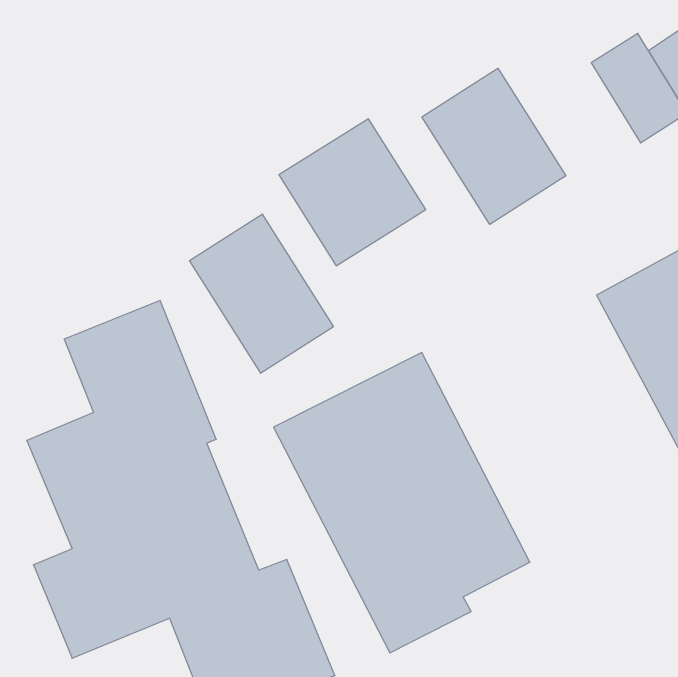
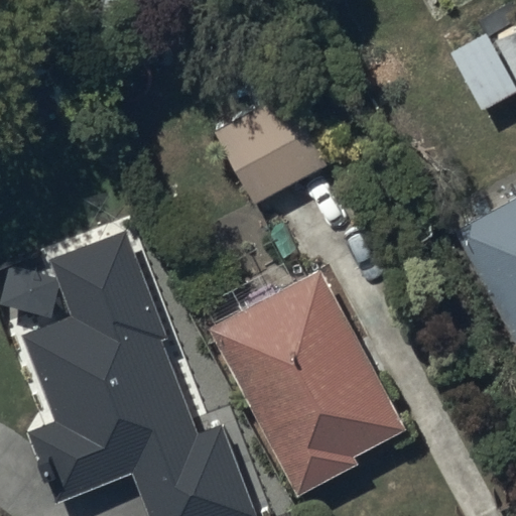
building: [422,68,566,224] -> none
building: [190,214,333,373] -> none

